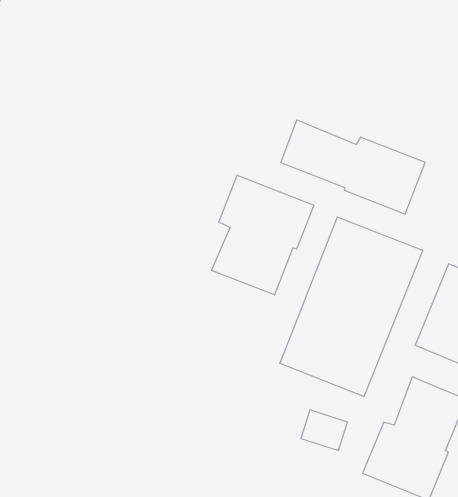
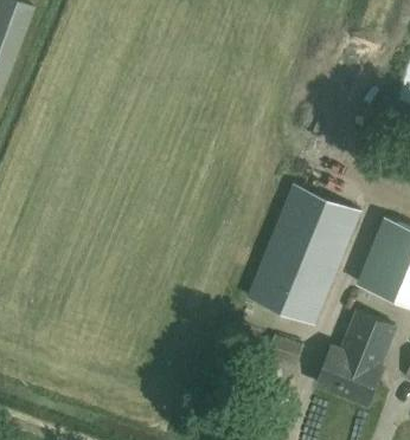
building: [281,120,425,214] -> none
building: [212,175,314,295] -> none

